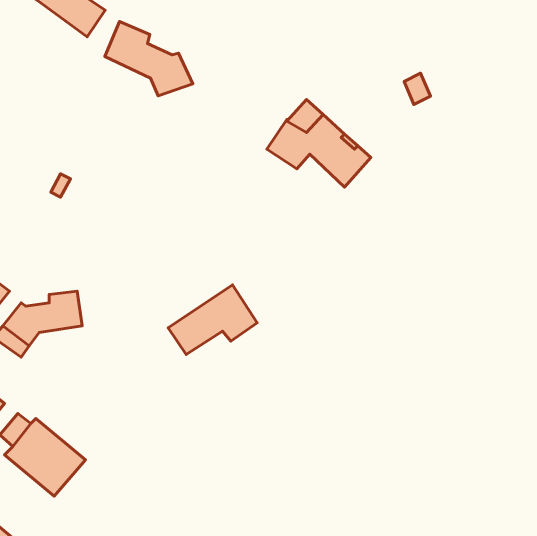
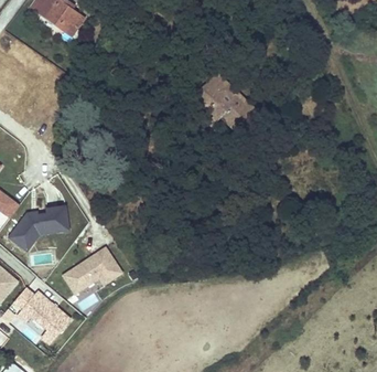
building: [105,21,193,96] -> none
building: [168,285,257,354] -> [63,246,122,293]

